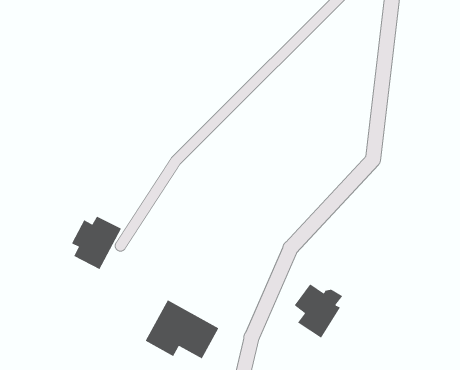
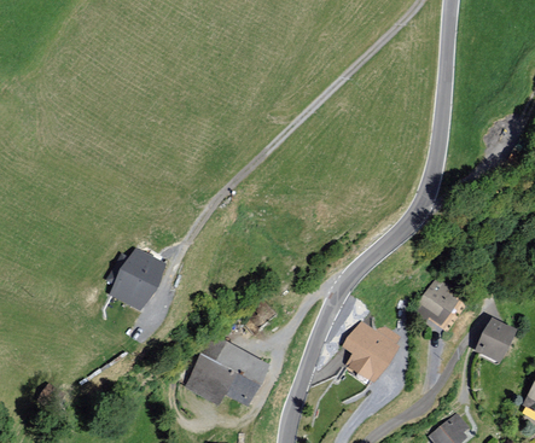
building: none -> [415,279,455,322]
building: none -> [476,319,513,360]

